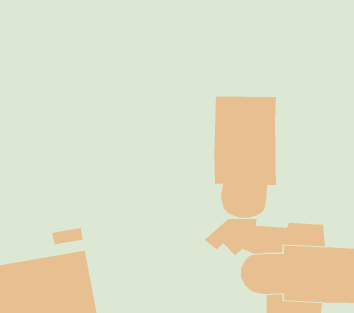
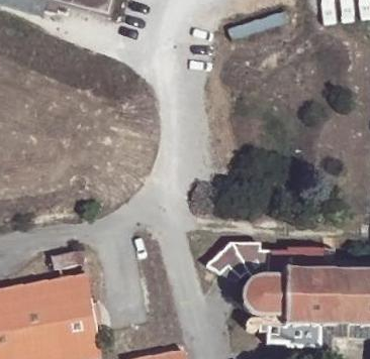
building: [214,96,277,218] -> none

